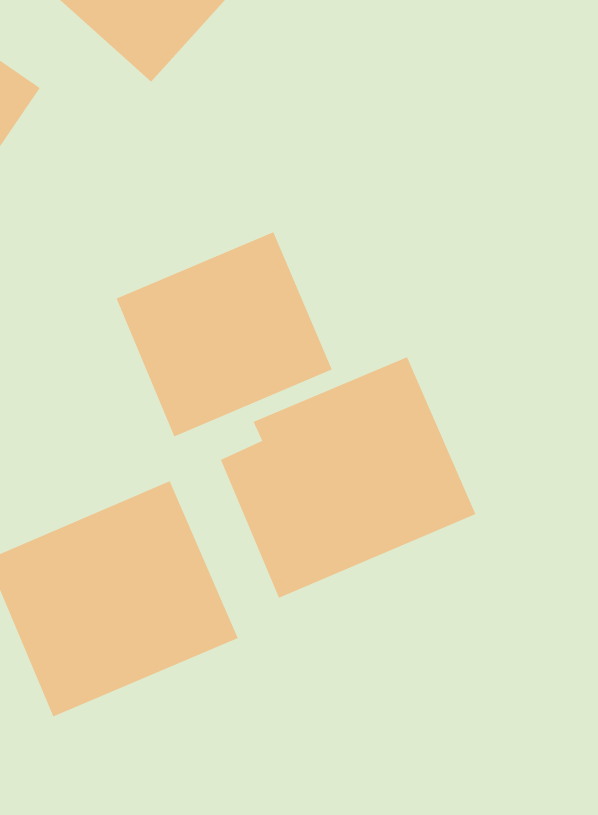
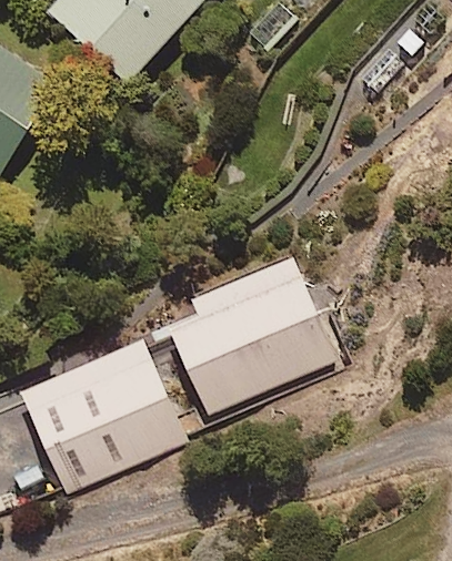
building: [116,231,333,437] -> none

